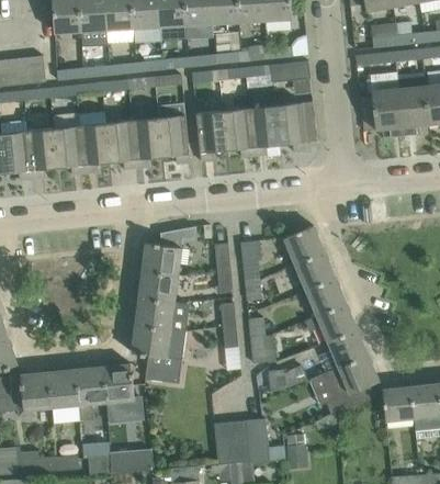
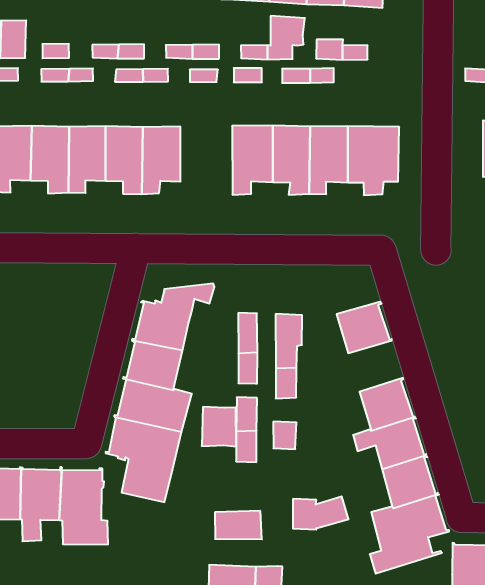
building: [270,60,311,82] -> none
building: [158,104,190,164] -> none
building: [294,251,335,290] -> none
building: [249,334,275,363] -> [202,407,236,447]

